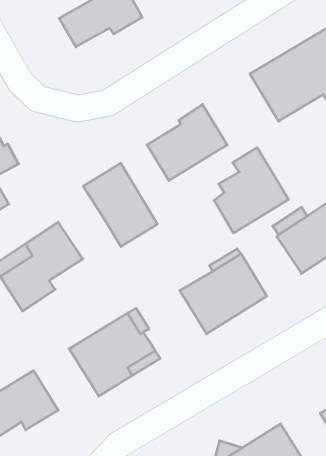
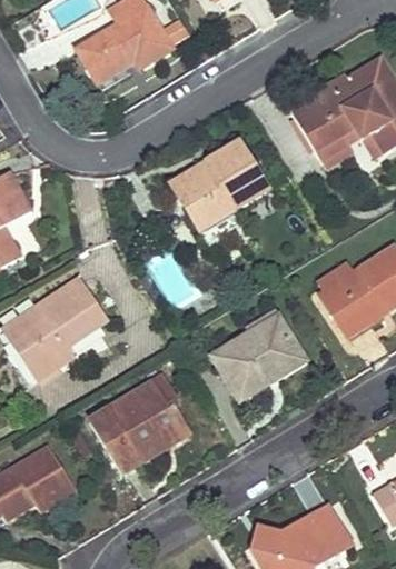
building: [214,148,288,233] -> none
building: [83,163,157,247] -> none

